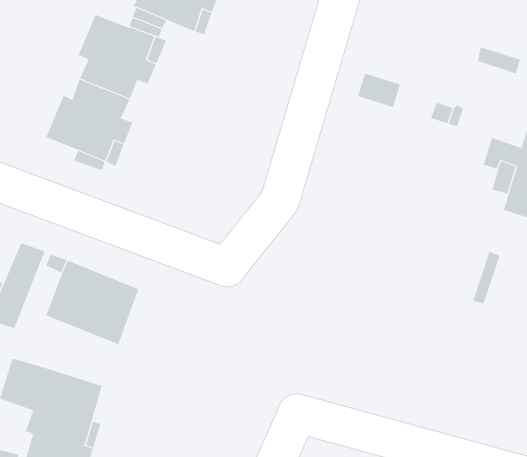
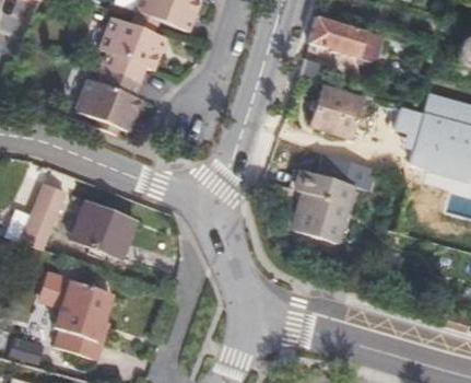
building: none -> [311,15,386,62]
building: none -> [313,86,362,137]
building: none -> [296,154,377,244]

